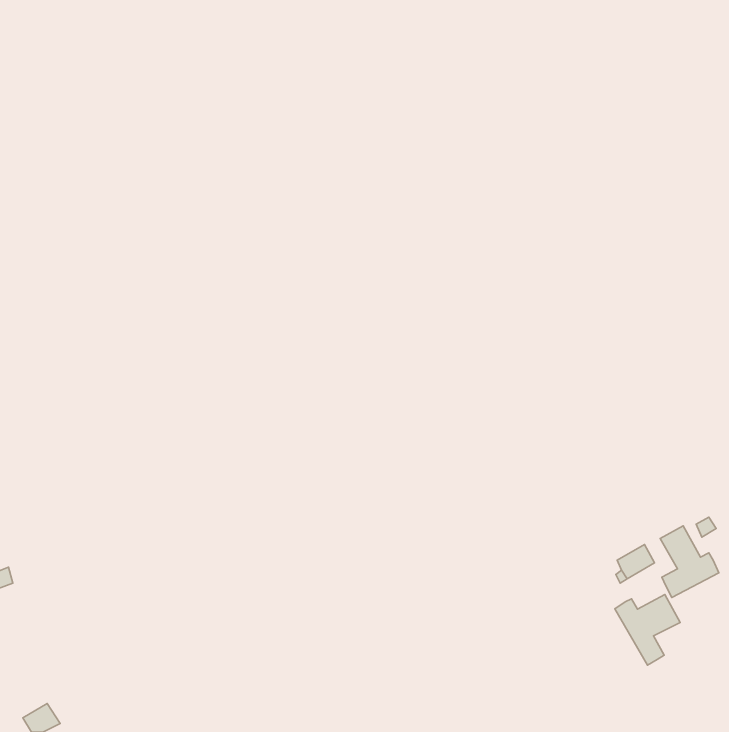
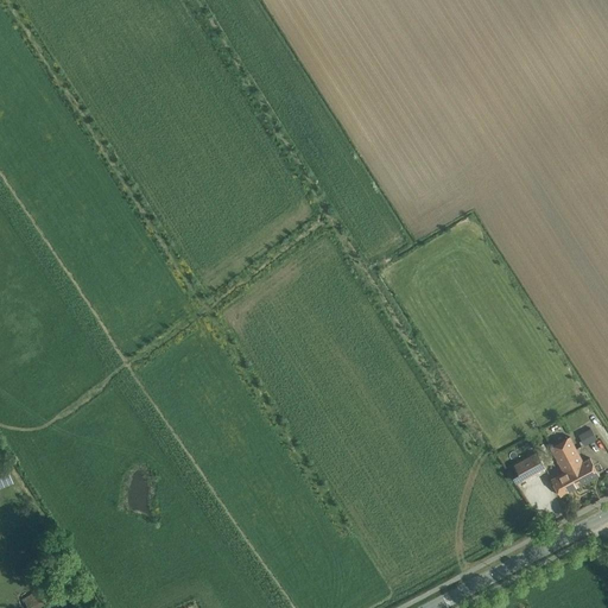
building: [615,594,680,665] -> none

